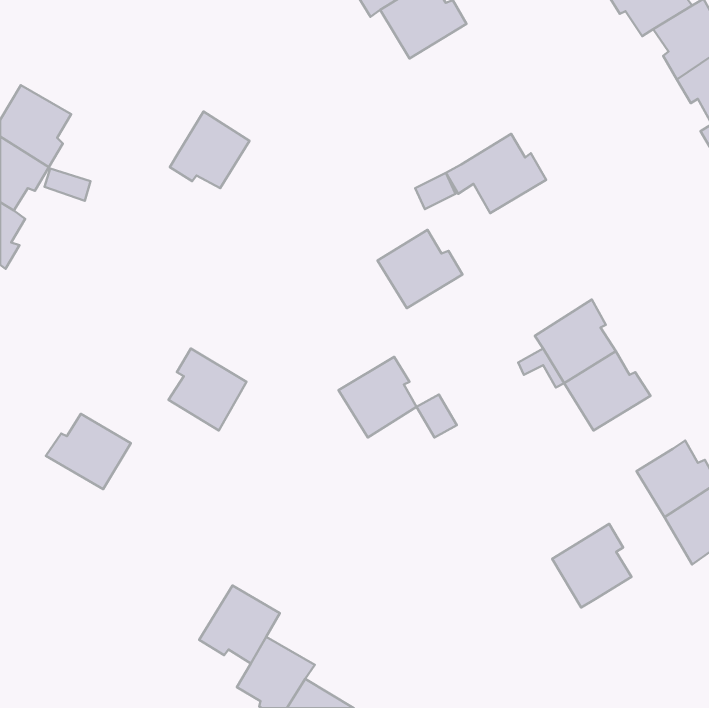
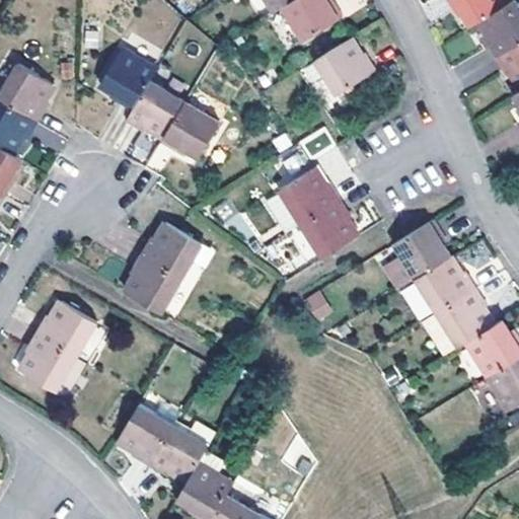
building: none -> [100,50,156,112]
building: [446,134,546,213] -> [302,39,375,96]
building: none -> [160,102,218,158]
building: none -> [141,222,201,278]
building: [338,357,416,438] -> [298,200,355,258]
building: none -> [20,331,77,390]
building: [552,524,631,608] -> [434,288,492,349]
building: none -> [115,405,171,465]

